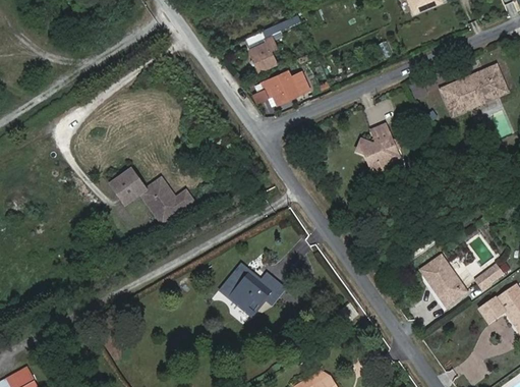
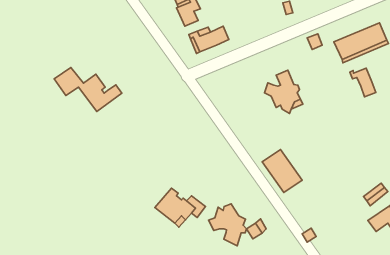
building: none -> [350,68,376,97]
building: [108,168,190,222] -> [54,67,122,111]
building: [421,253,470,306] -> [262,149,302,193]
building: none -> [208,204,246,246]

